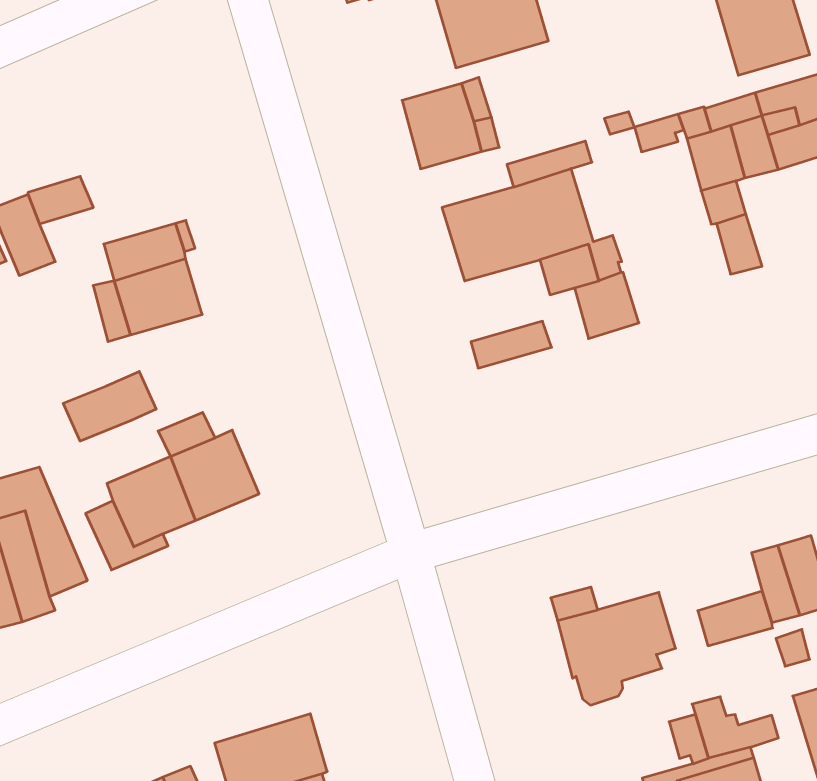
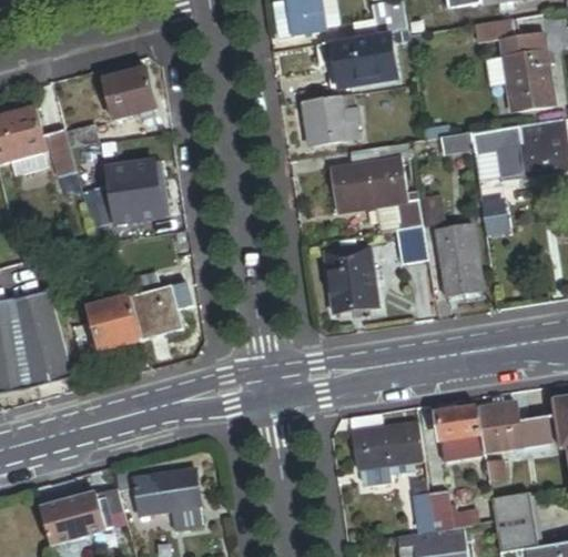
building: none -> [105,68,159,118]
building: none -> [436,224,483,295]
building: none -> [326,264,378,312]
building: [63,371,156,441] -> none
building: none -> [437,406,481,437]

